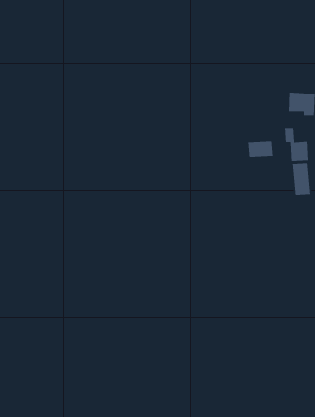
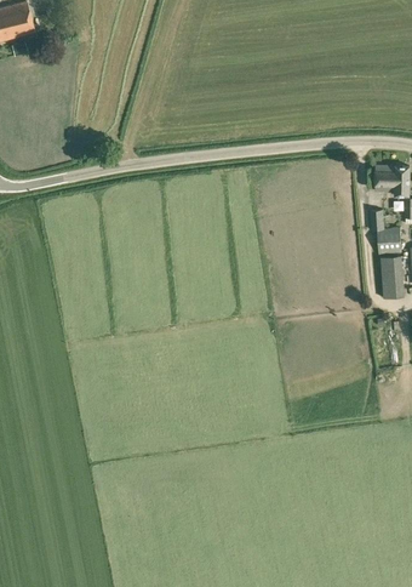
building: [248,141,273,158] -> none

